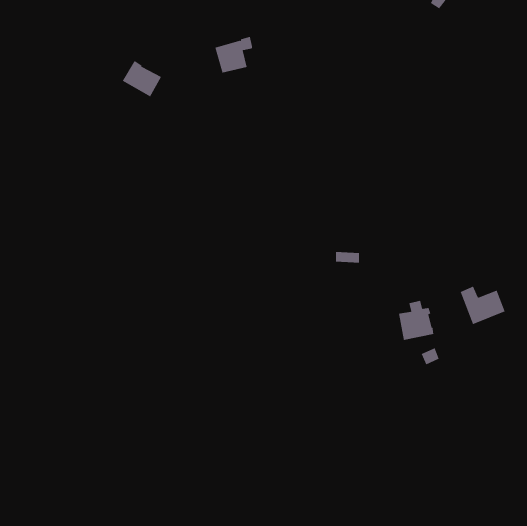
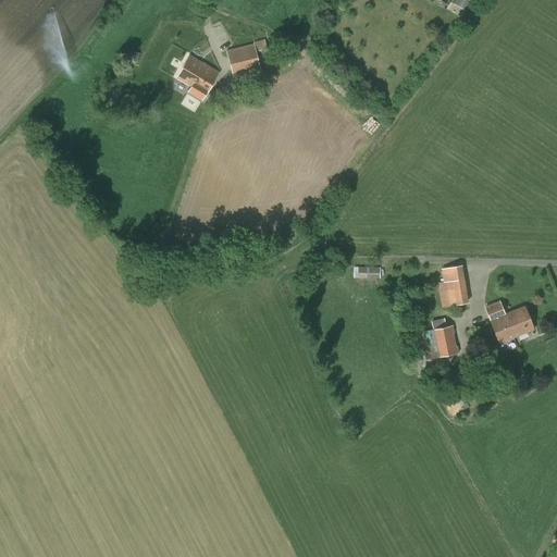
building: [122,60,162,97] -> [176,54,219,94]
building: none -> [437,264,468,311]

